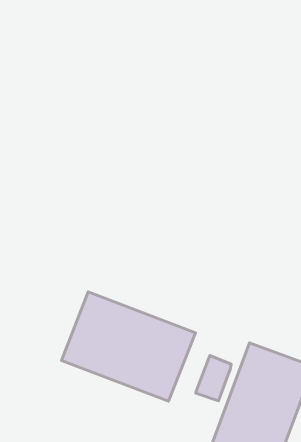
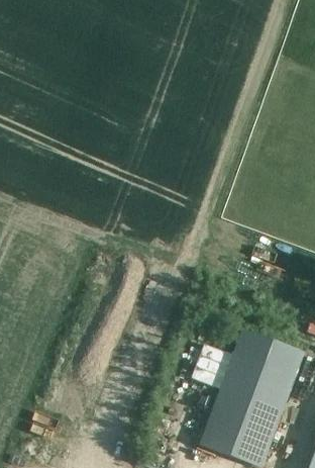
building: [62,292,196,401] -> none

